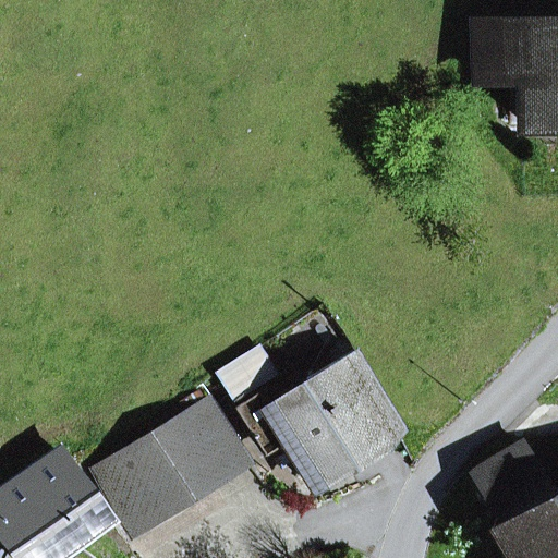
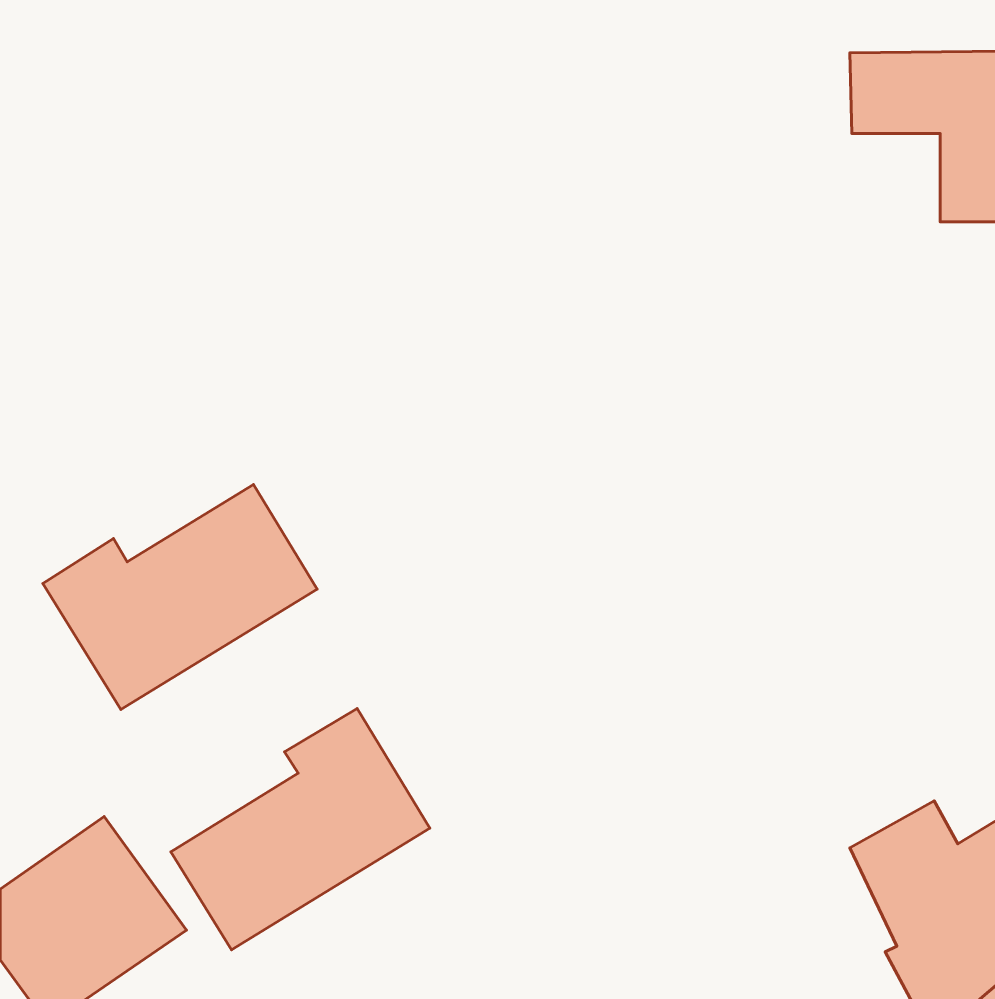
building: none -> [43,485,317,709]
building: [242,359,402,486] -> none

